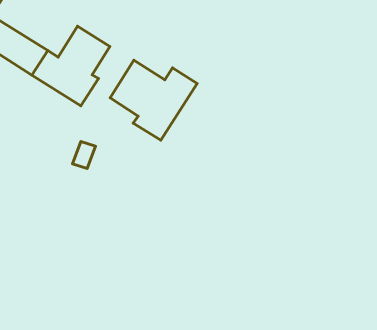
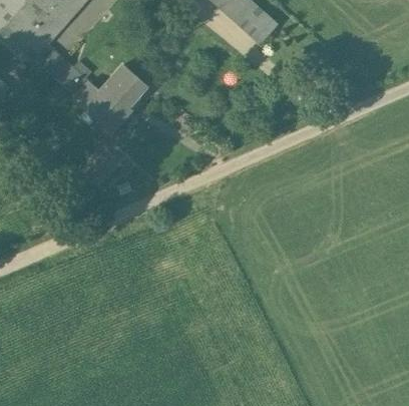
building: [110,60,197,140] -> none

